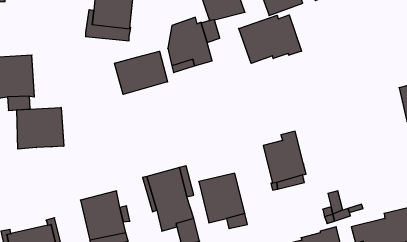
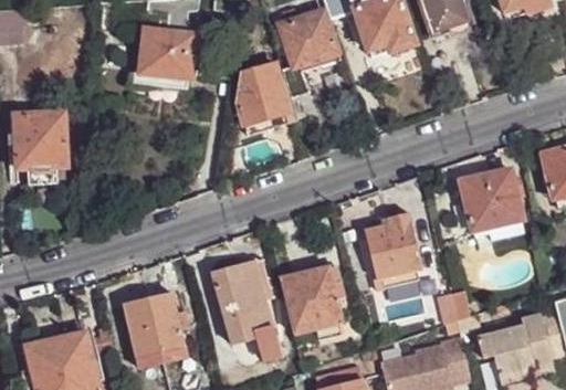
building: [239,15,302,63] -> none
building: [115,51,168,94] -> none
building: none -> [463,168,525,239]
building: [17,107,64,149] -> none

